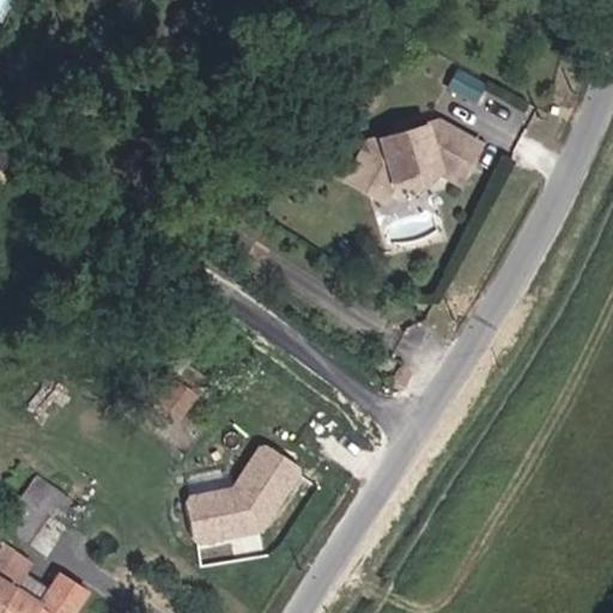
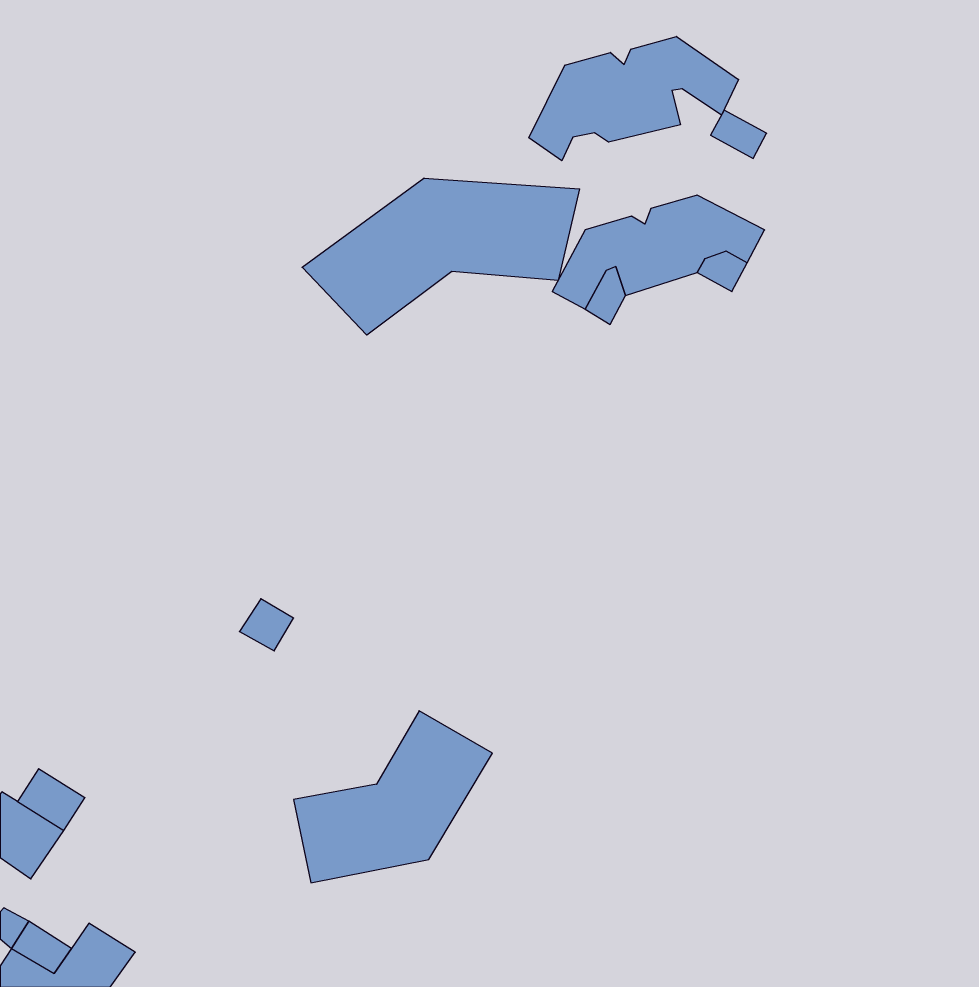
building: none -> [529,36,739,161]
building: none -> [302,178,580,335]

